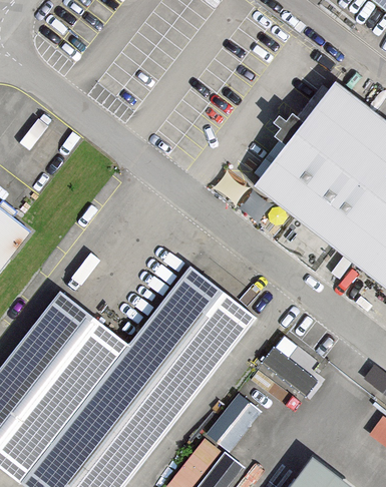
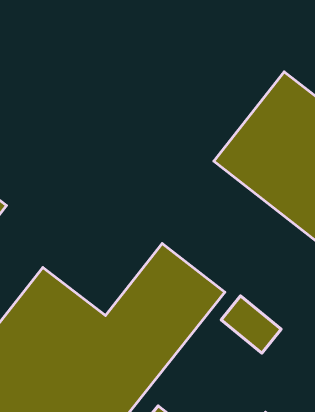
building: [208,398,255,449] -> none

